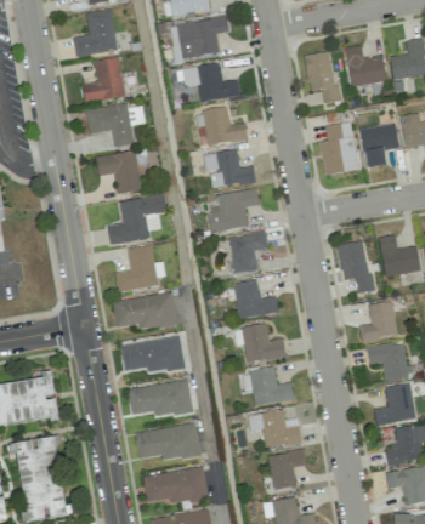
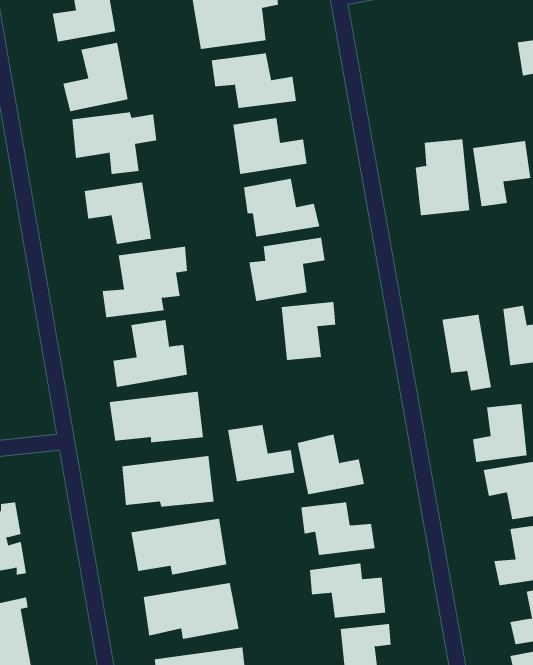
building: [345,46,387,87] -> none
building: [306,52,341,103] -> none
building: [233,280,279,319] -> [227,425,295,482]

